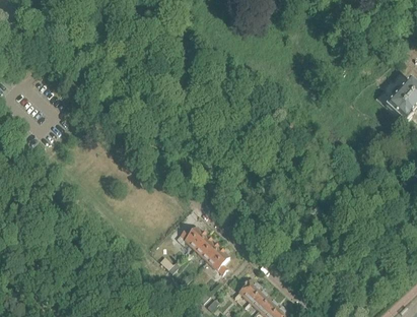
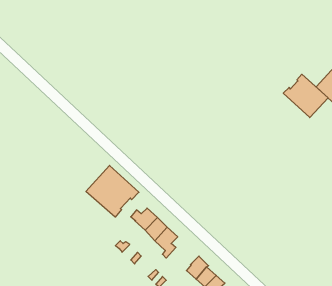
building: none -> [283,74,328,118]
building: none -> [86,165,139,217]

